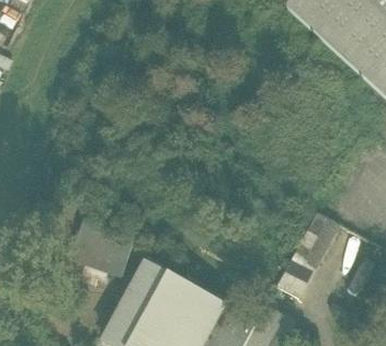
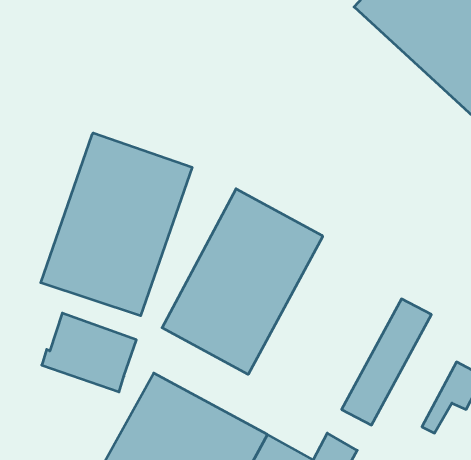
building: none -> [41,133,192,316]
building: none -> [162,189,323,374]

